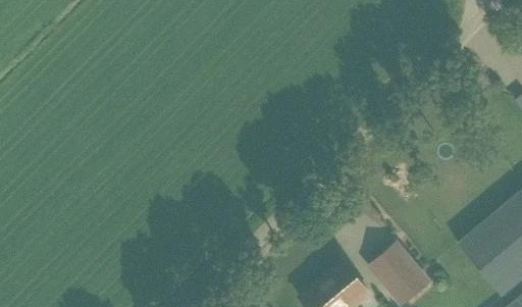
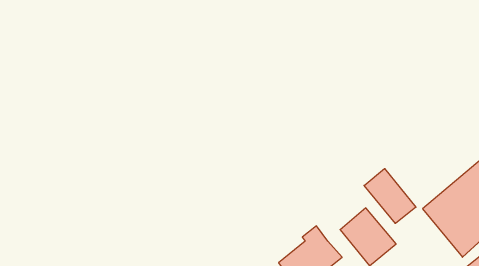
building: none -> [364,169,416,223]

